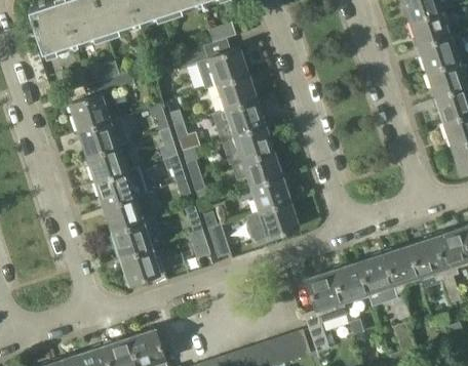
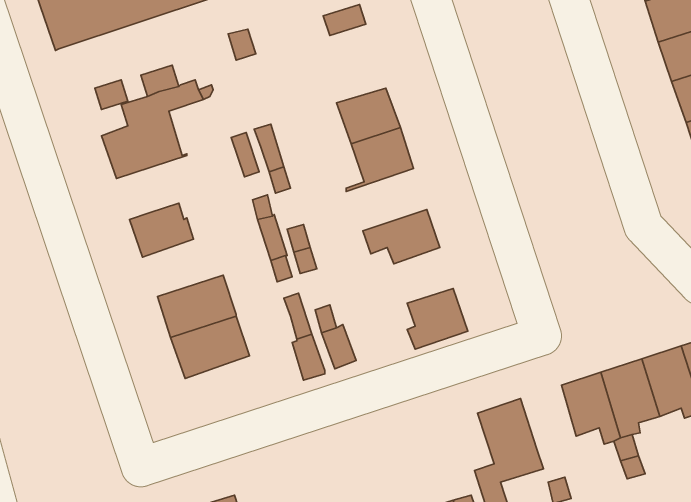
building: [171,47,248,91] -> none
building: [80,119,132,159] -> none
building: [224,127,274,166] -> none
building: [96,168,147,207] -> none
building: [254,176,290,211] -> none
building: [123,248,164,284] -> none
building: [333,262,367,302] -> none

